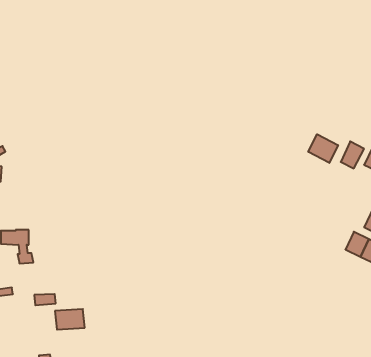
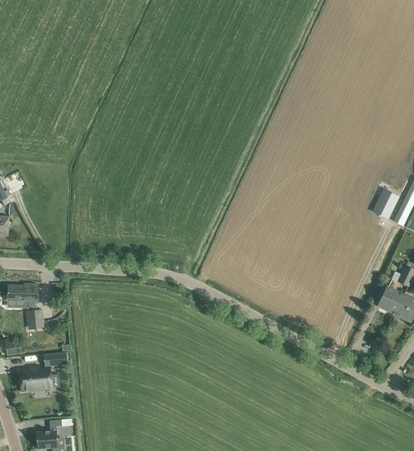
building: [308,134,338,163] -> none
building: [55,309,85,330] -> [20,368,52,390]

